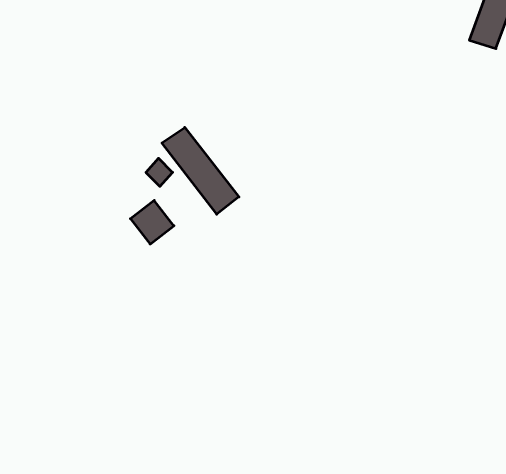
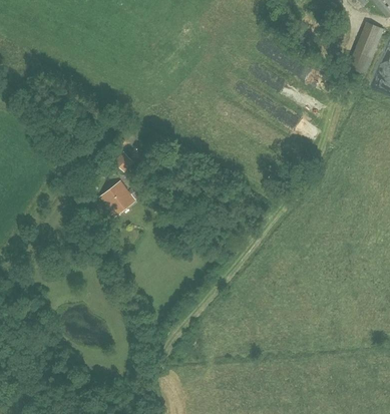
building: [162,127,239,214] -> none

